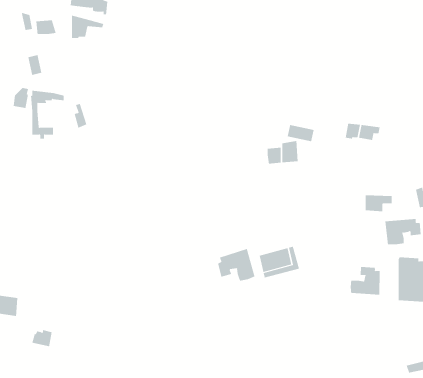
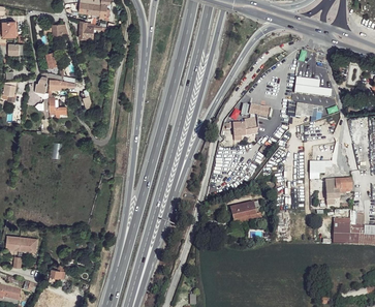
building: [217,248,255,282] -> none
building: [350,266,380,295] -> none

